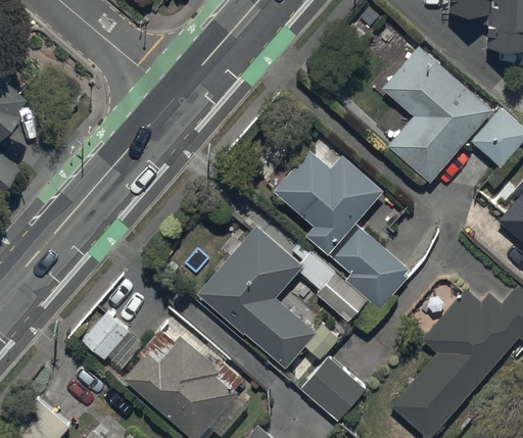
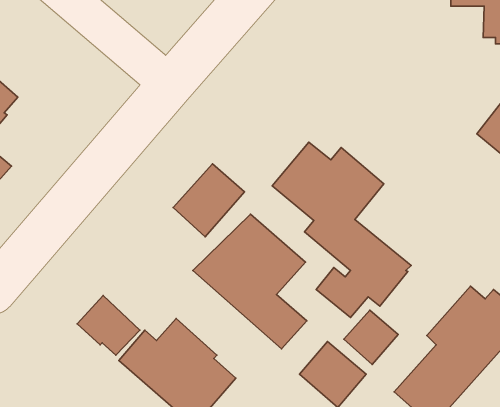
building: [383,51,492,186] -> none
building: none -> [173,164,245,237]
building: none -> [344,310,398,364]

